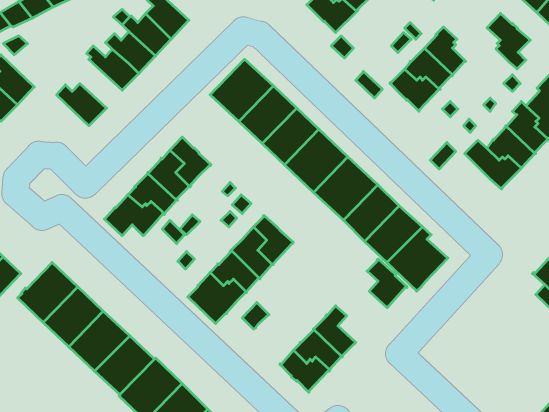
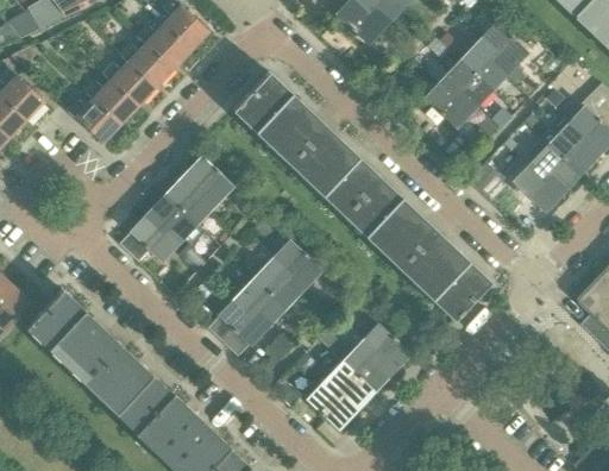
building: [487,13,530,69] -> [482,23,528,82]
building: none -> [86,73,138,125]
building: [367,259,407,308] -> [366,324,409,376]

